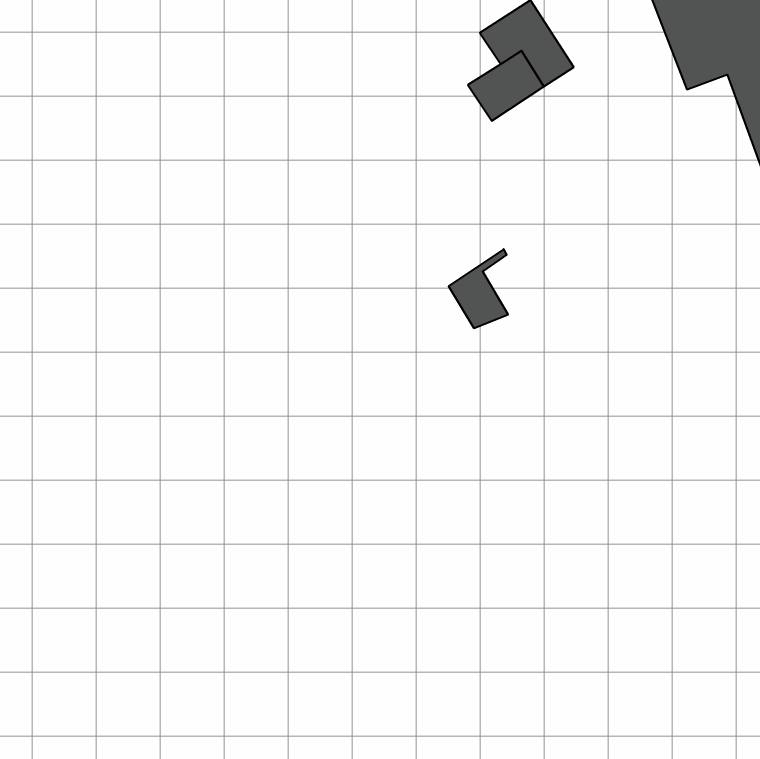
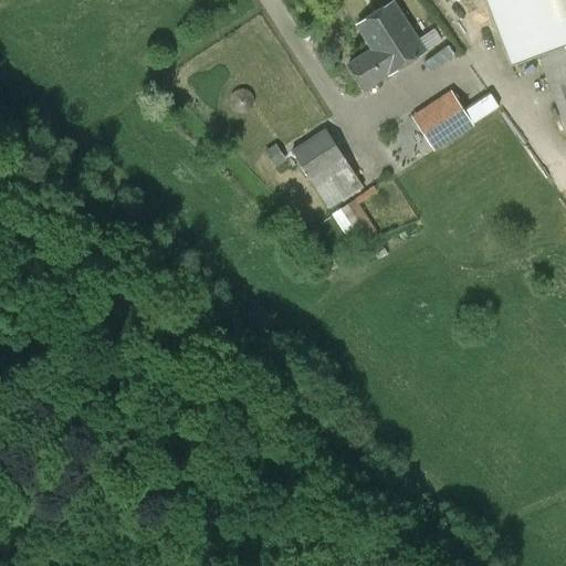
building: none -> [412,90,474,149]
building: none -> [293,127,364,207]

